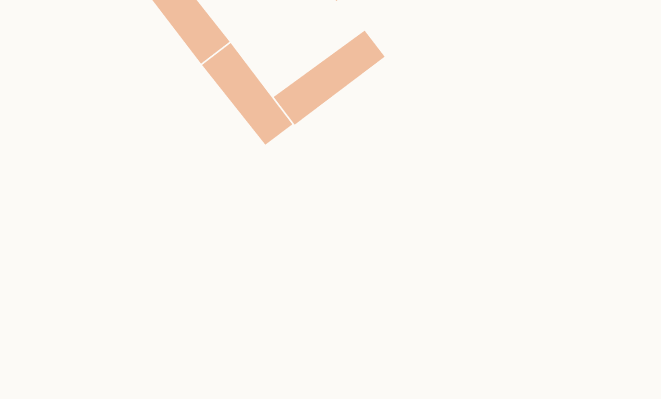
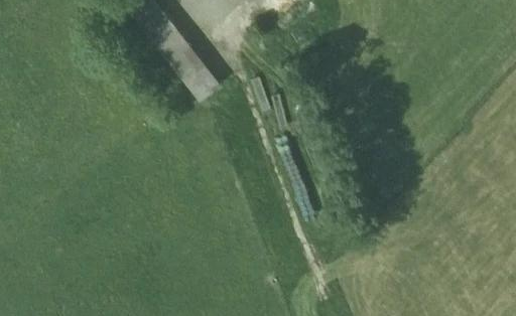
building: [273,29,386,126] -> none

